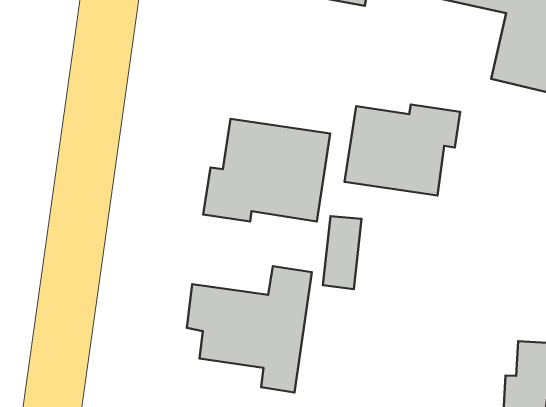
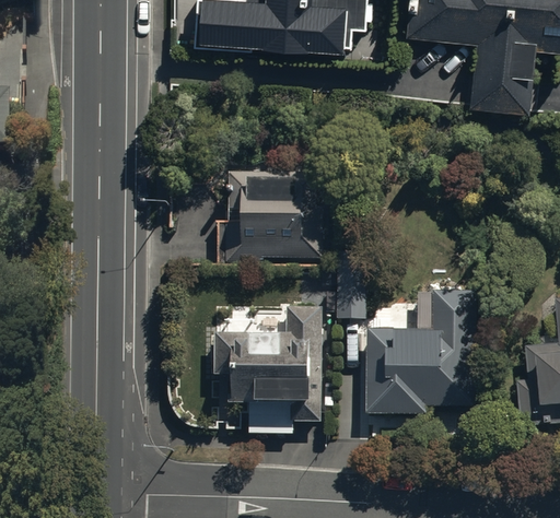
building: [345,105,460,195] -> none
building: none -> [366,294,477,415]

